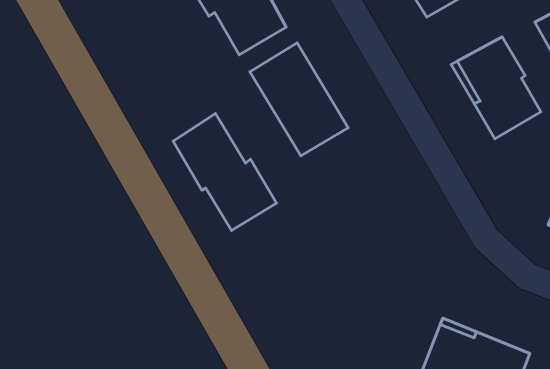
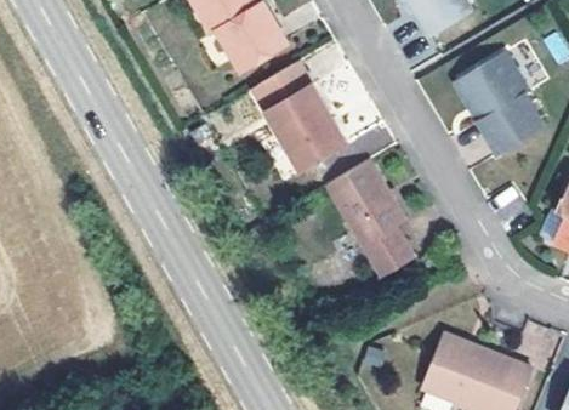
building: [173,114,277,230] -> none
building: none -> [325,158,416,279]

